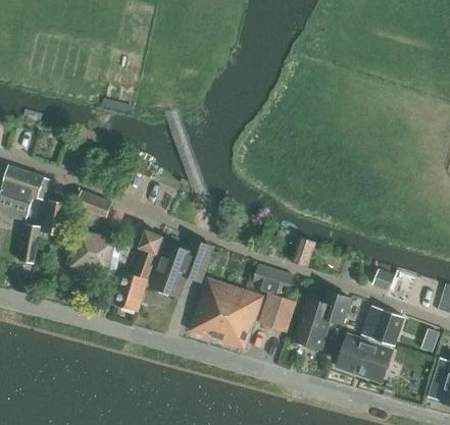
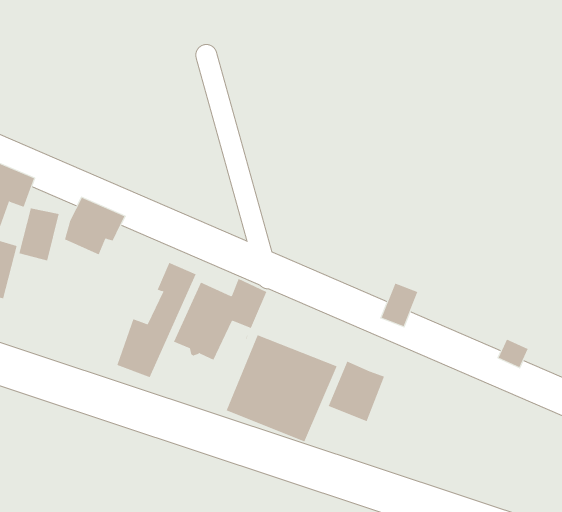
building: [71,230,122,275] -> none
building: [251,264,294,298] -> none
building: [293,290,350,350] -> none
building: [361,306,403,346] -> none
building: [337,334,392,381] -> none

